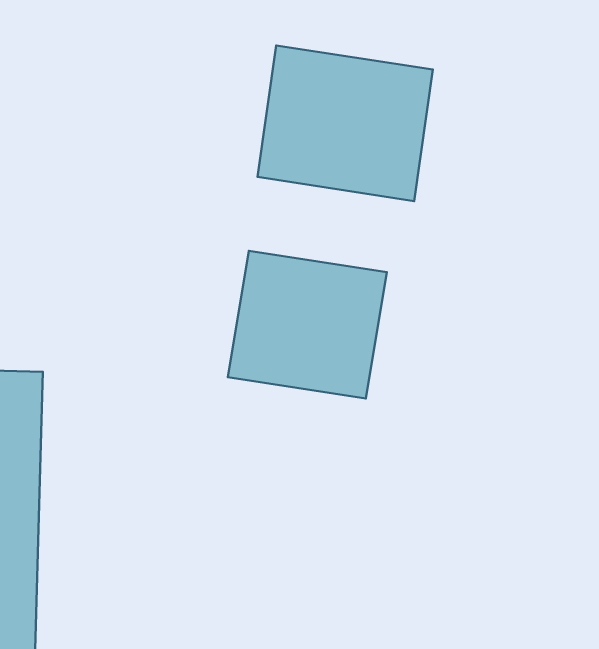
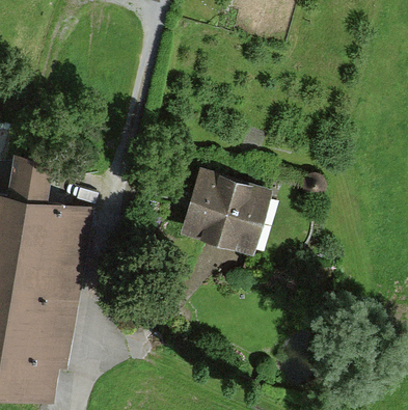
building: [257,45,433,201] -> none

